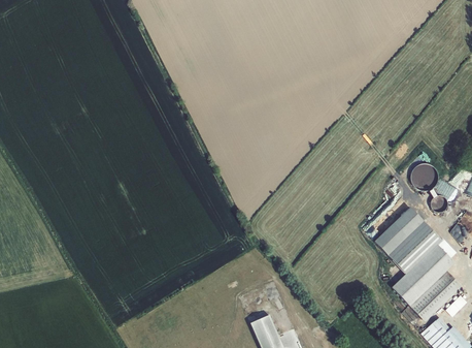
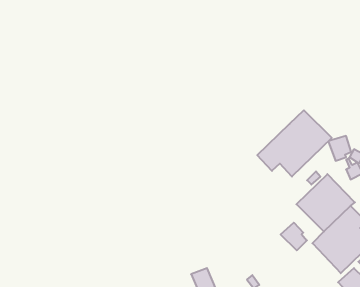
building: none -> [257,110,332,177]
building: none -> [281,223,307,250]

